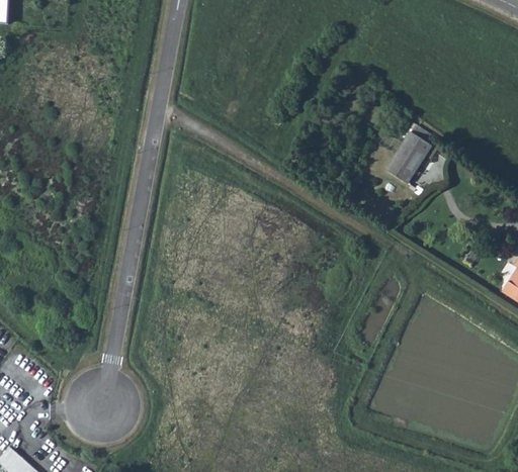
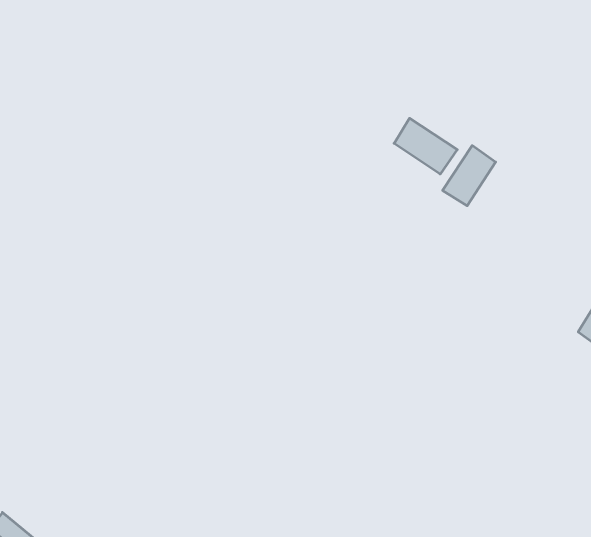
building: none -> [394,118,457,174]

